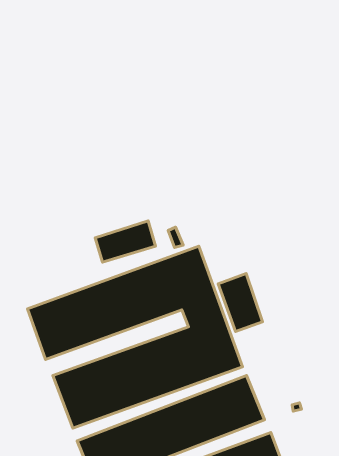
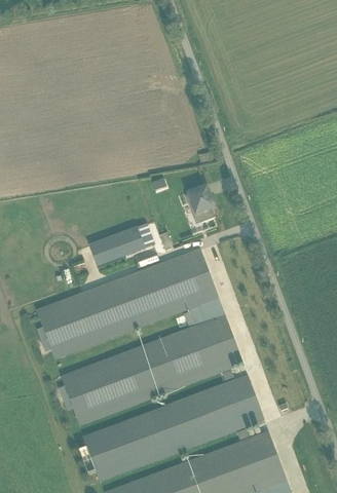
building: none -> [182,183,213,223]
building: [218,274,262,331] -> none

